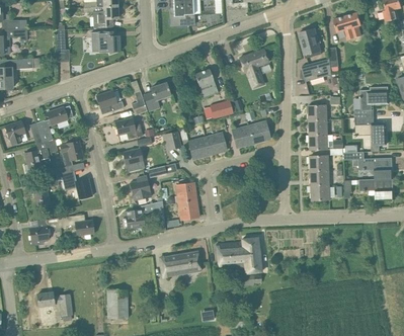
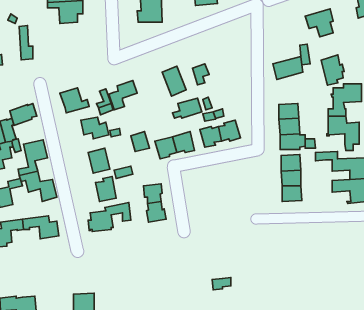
building: [299,28,321,58] -> [321,55,344,85]
building: [94,31,119,52] -> none
building: [239,48,268,82] -> none
building: [217,238,261,273] -> none
building: [160,252,200,278] -> none

